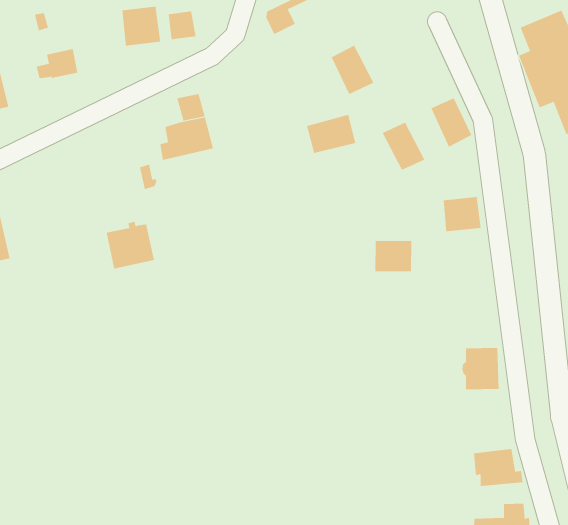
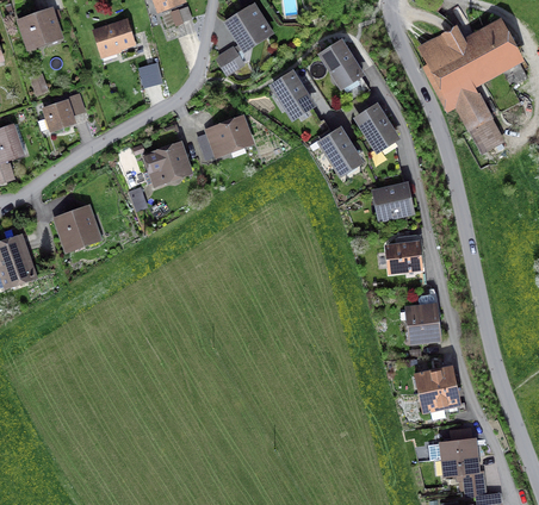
building: [122,6,161,47] -> none
building: none -> [323,44,360,85]
building: [306,114,356,153] -> [207,119,249,154]
building: [106,221,155,269] -> [56,207,98,248]
building: [375,240,412,272] -> [388,243,420,272]
building: none -> [420,367,454,392]

